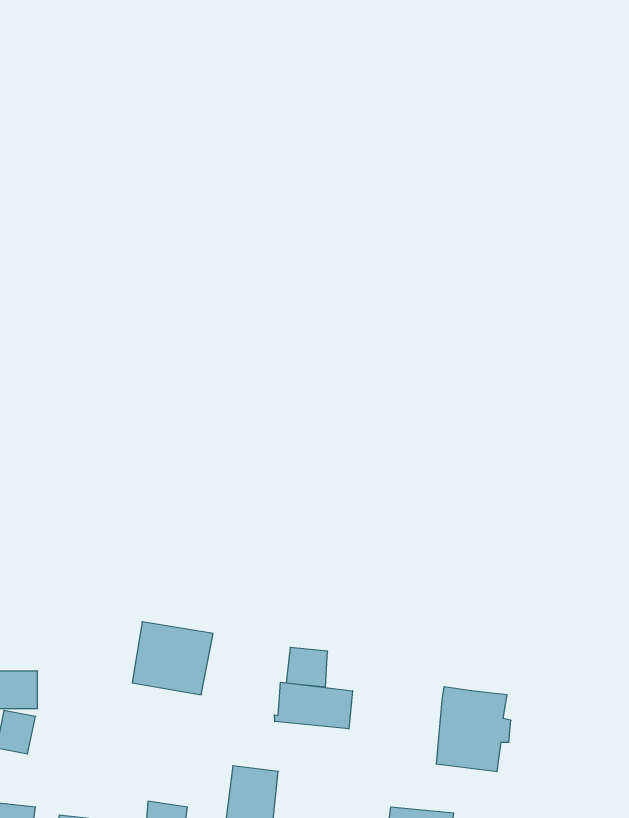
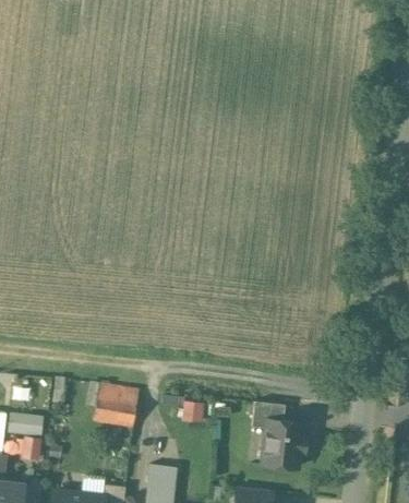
building: none -> [252,403,286,429]
building: [274,682,352,729] -> none

